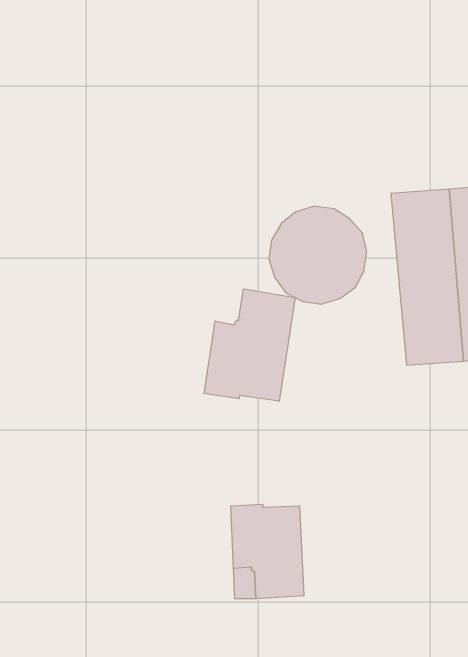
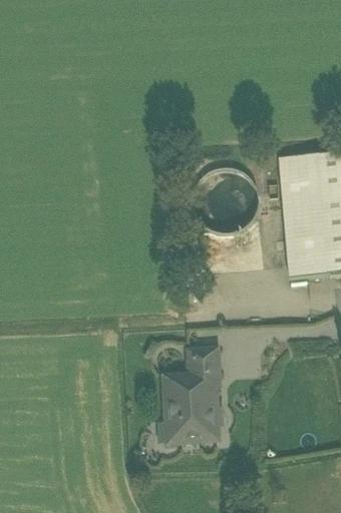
building: [204,289,295,401] -> none
building: none -> [188,347,220,377]

